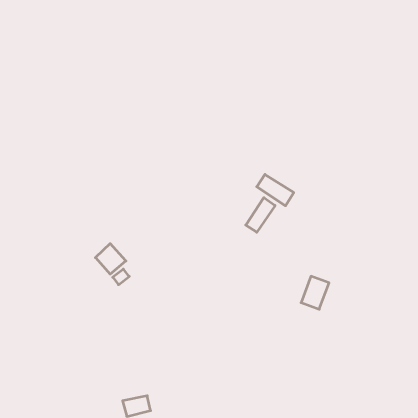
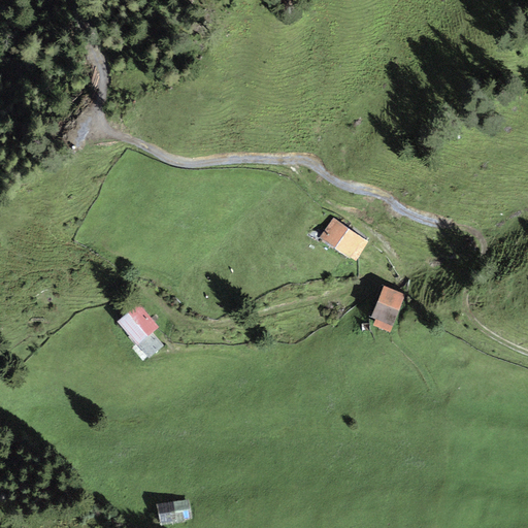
building: [246,198,275,232] -> none
building: [301,276,329,309] -> [369,287,404,328]

